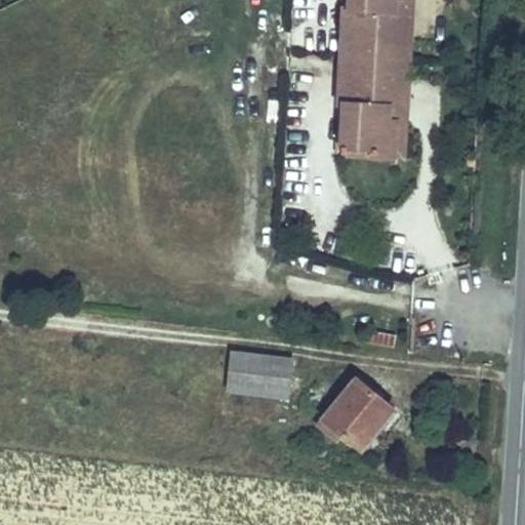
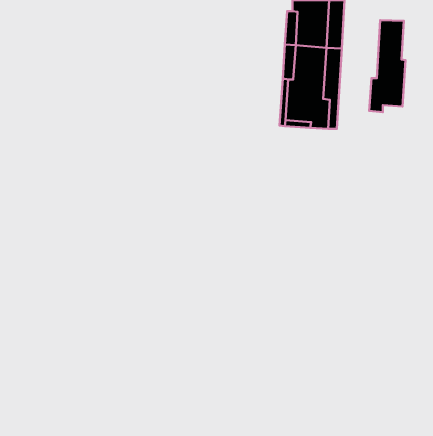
building: none -> [369,20,405,112]
building: [223,351,289,397] -> none
building: [320,377,394,448] -> none

